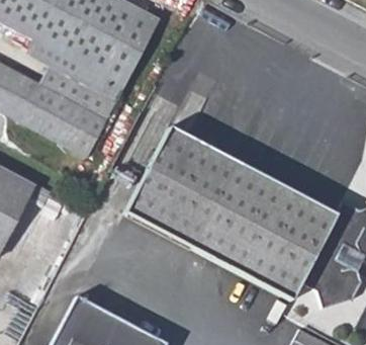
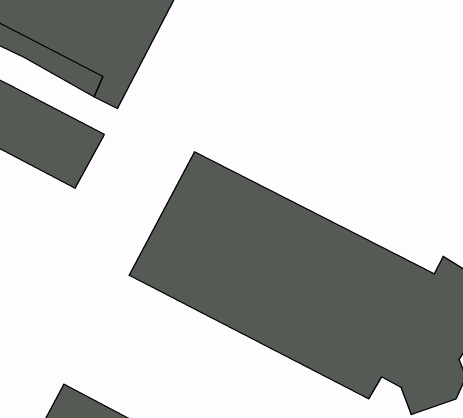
building: [41,64,116,117] -> none

